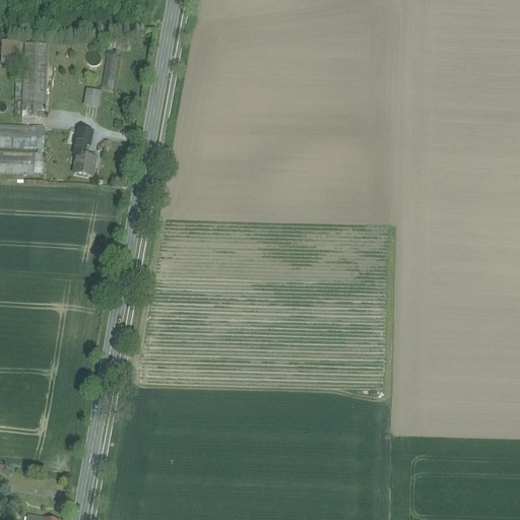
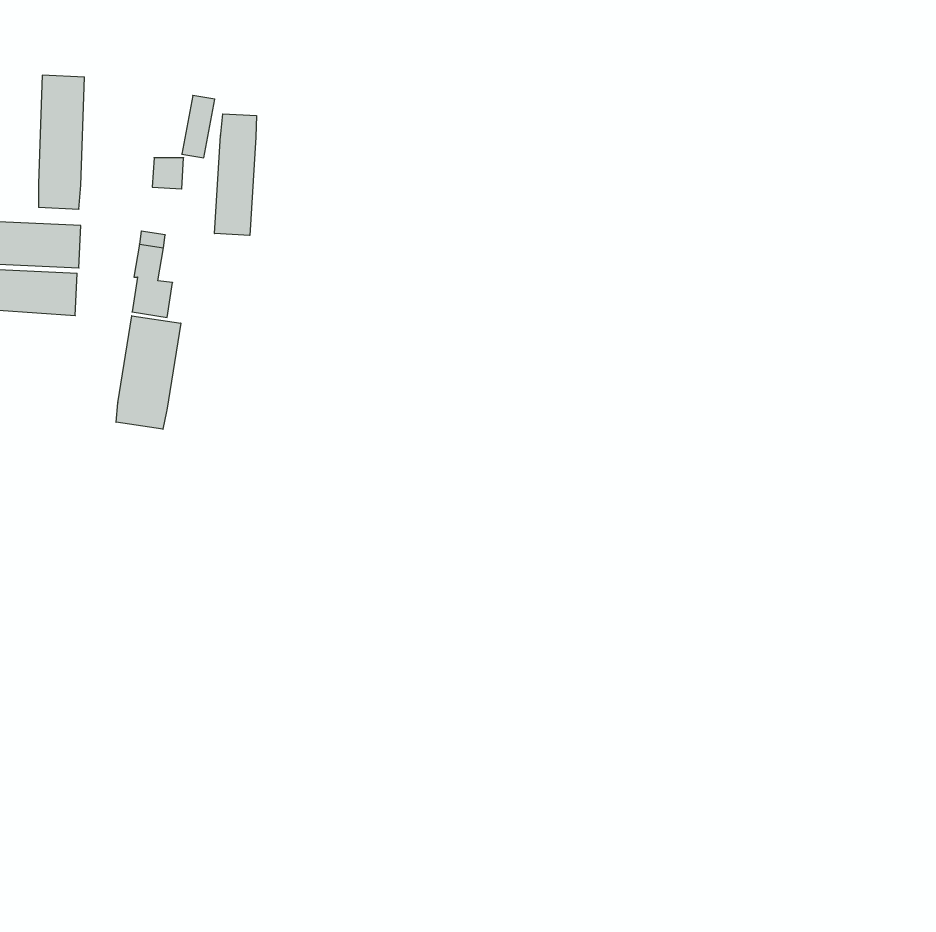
building: none -> [215,114,256,235]
building: none -> [116,316,181,429]

